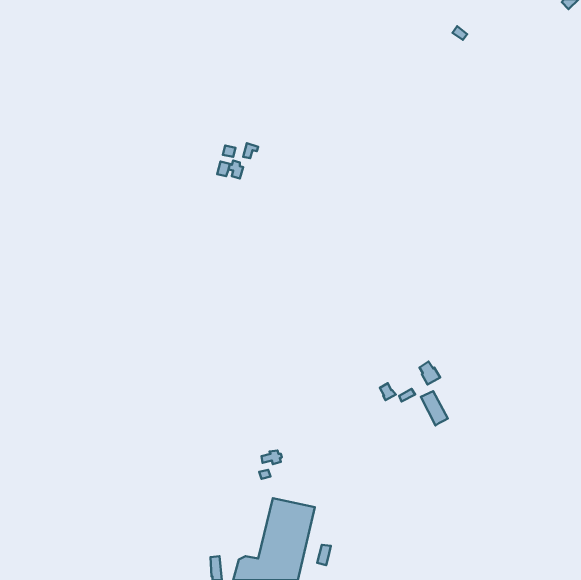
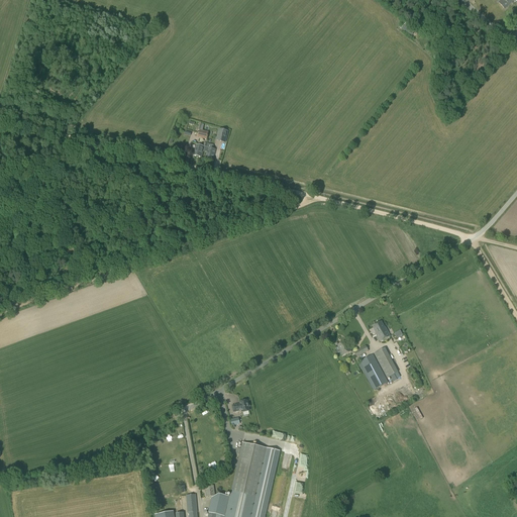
building: none -> [358,353,388,389]

